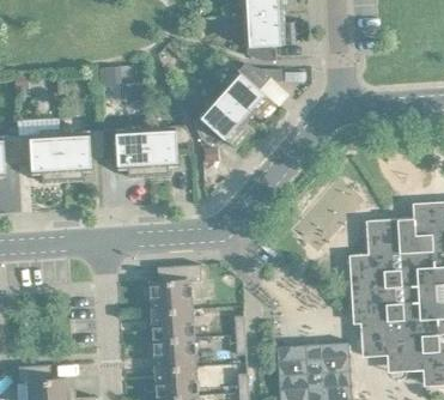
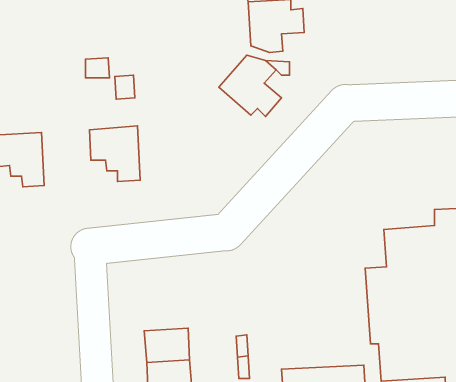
building: [191,93,248,149] -> none
building: [145,127,191,177] -> none
building: [59,132,103,182] -> none
building: [150,265,200,313] -> none

